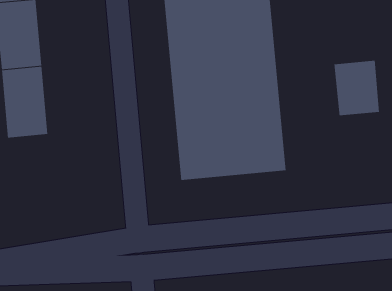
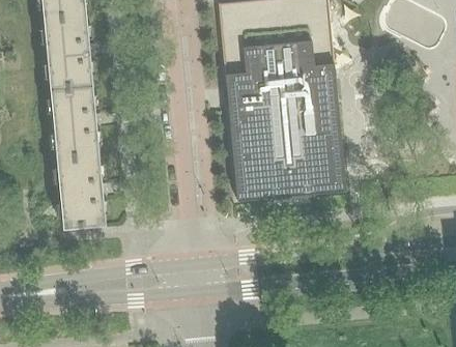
building: [334,60,379,116] -> none
building: none -> [56,153,106,229]

